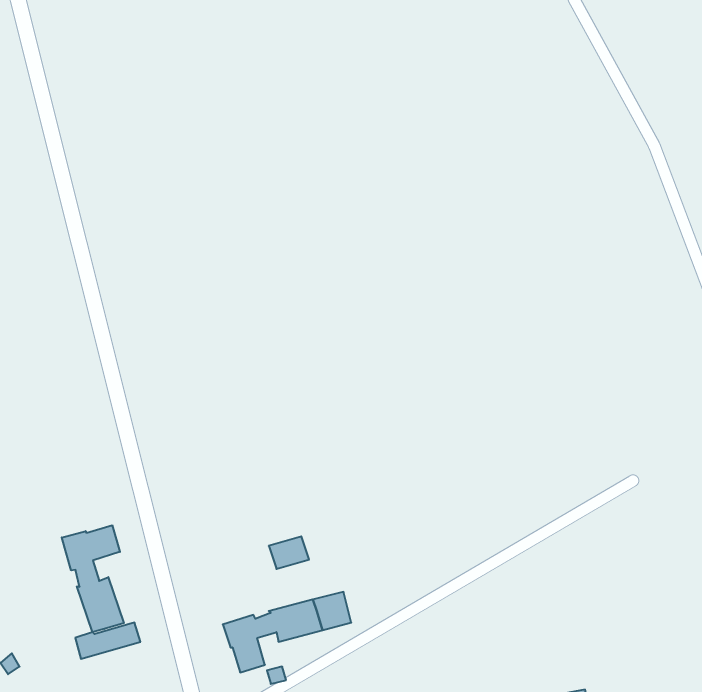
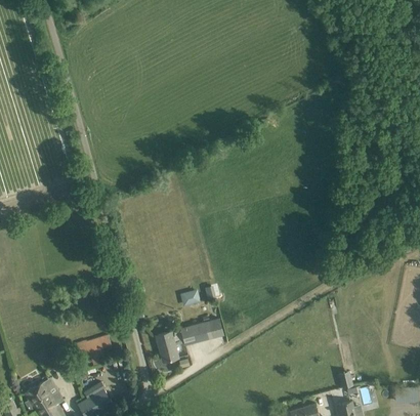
building: [62,525,124,632] -> none

